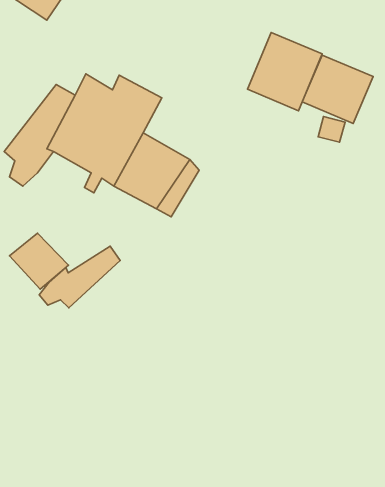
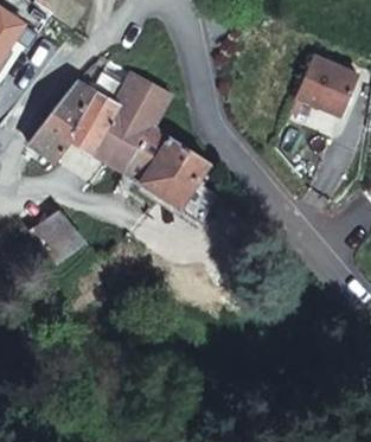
building: [247,32,322,111] -> none
building: [39,246,120,308] -> none

